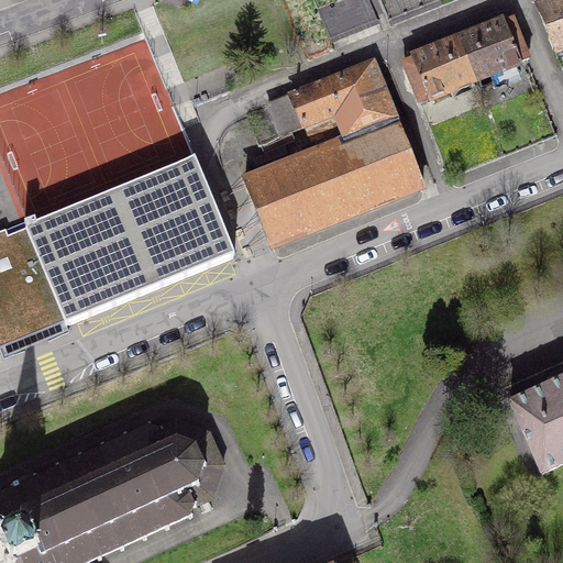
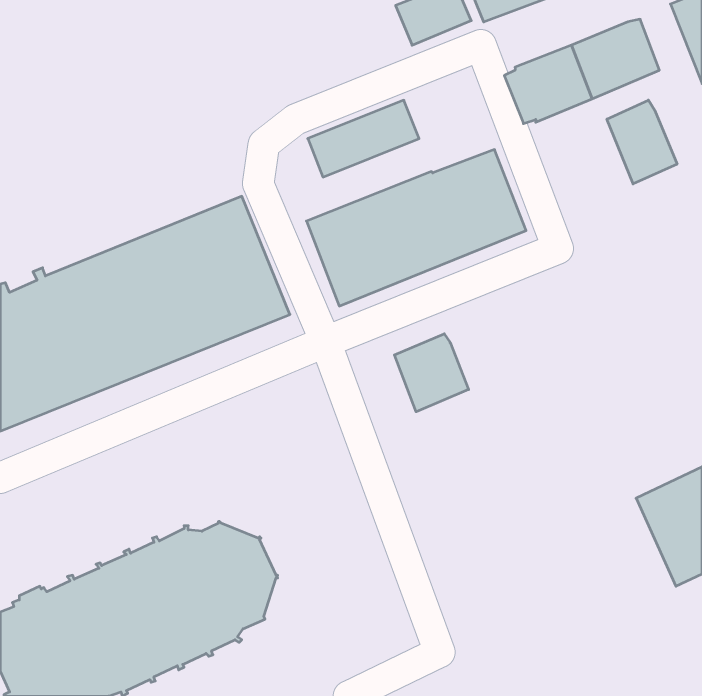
building: [323,60,396,139] -> none
building: none -> [607,100,677,184]
building: none -> [394,334,469,412]

